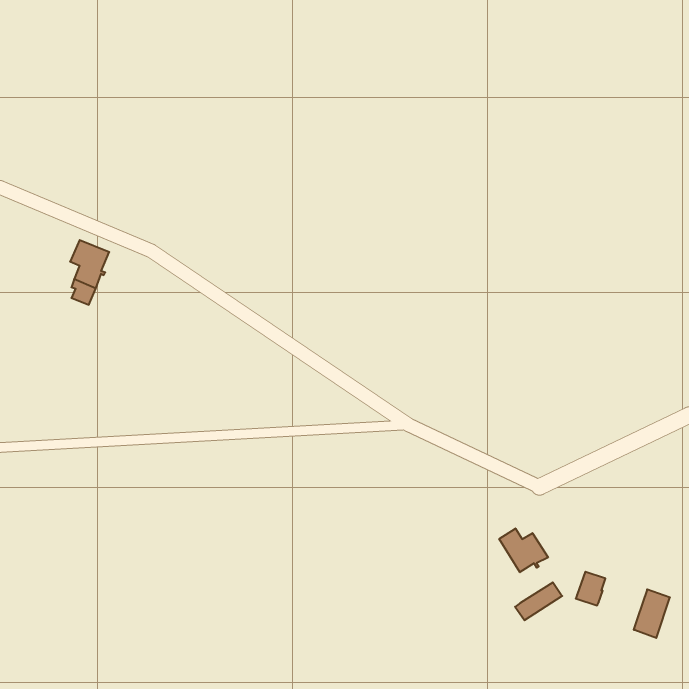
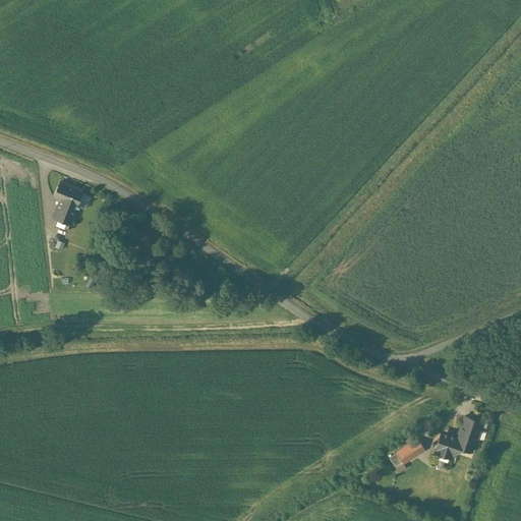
building: [499,528,548,572] -> none
building: [634,589,670,638] -> [454,415,481,452]

